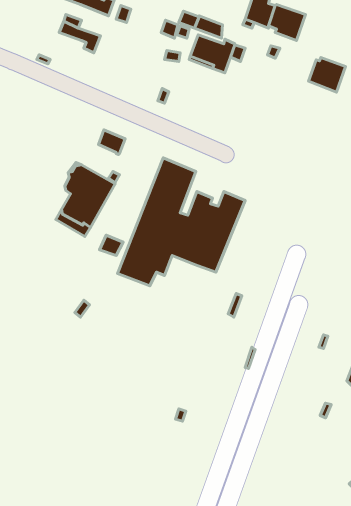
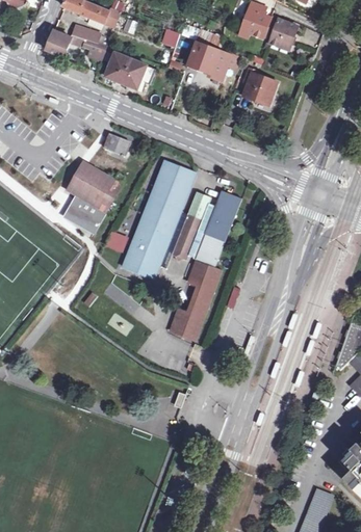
building: none -> [45,31,71,56]
building: none -> [105,53,155,90]
building: [308,58,345,92] -> [244,73,279,105]
building: none -> [166,258,220,338]

